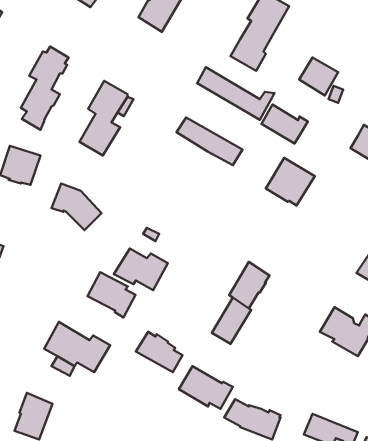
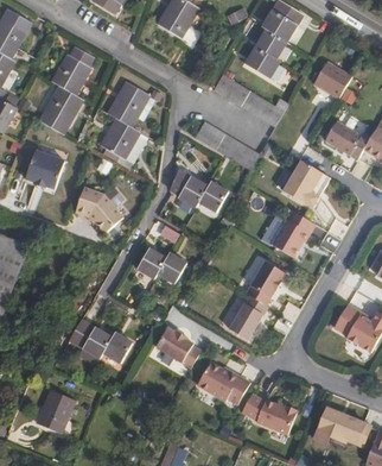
building: [261,104,308,144] -> [325,121,370,159]
building: none -> [170,168,228,210]
building: none -> [270,209,313,257]
building: [87,272,136,317] -> none

